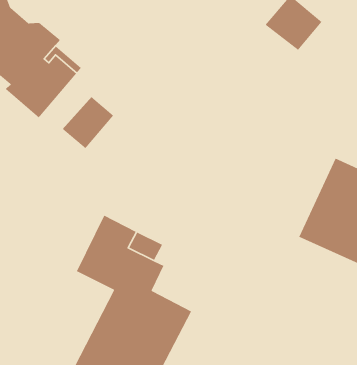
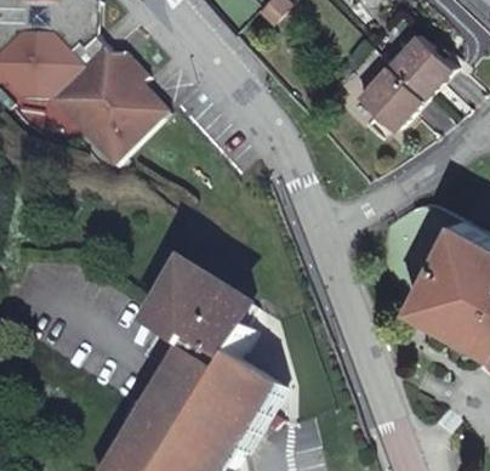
building: none -> [351,63,416,129]
building: [62,96,114,149] -> none

